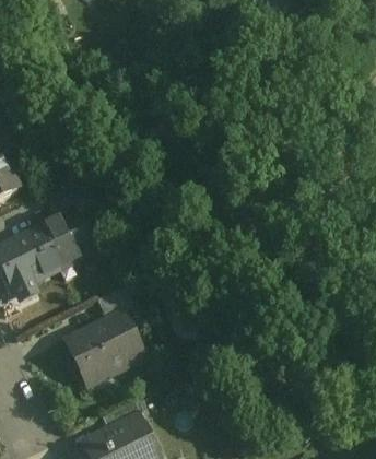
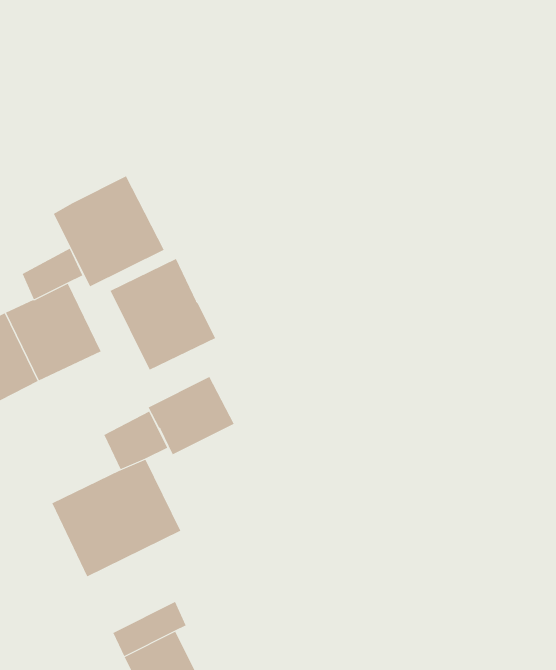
building: none -> [53,175,164,287]
building: none -> [110,258,216,371]
building: none -> [148,376,234,455]

